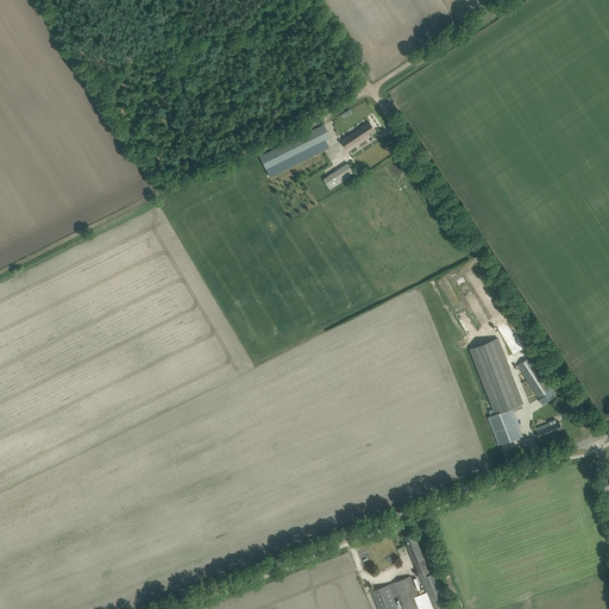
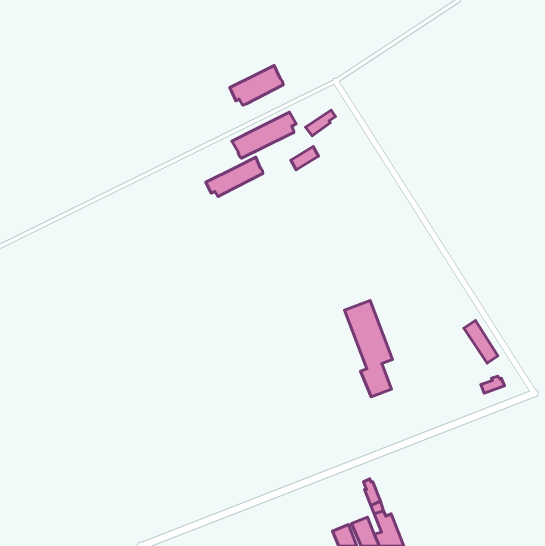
building: none -> [230,65,283,105]
building: none -> [206,157,263,196]
building: [469,338,522,445] -> [344,301,392,397]

